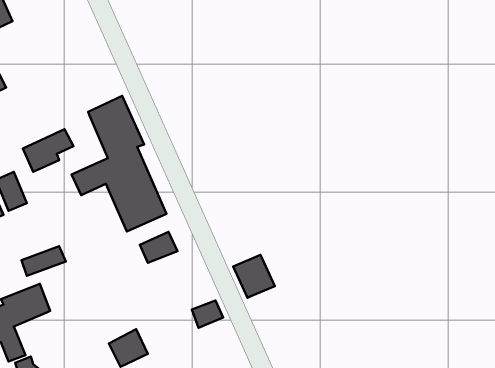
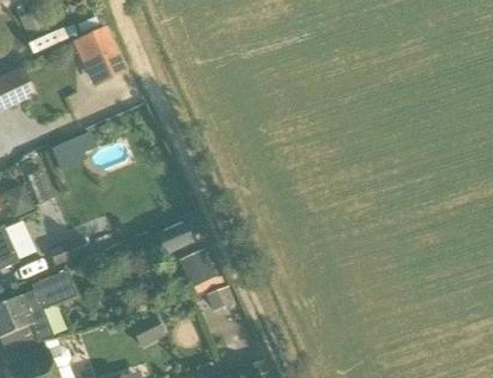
building: none -> [79,27,127,83]
building: [72,96,167,231] -> none
building: [233,255,275,298] -> [180,248,218,287]

